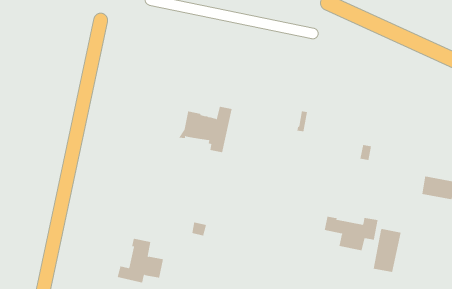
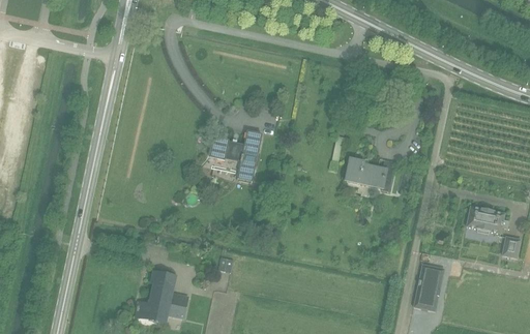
building: none -> [345,154,395,186]
building: [324,216,378,251] -> none

